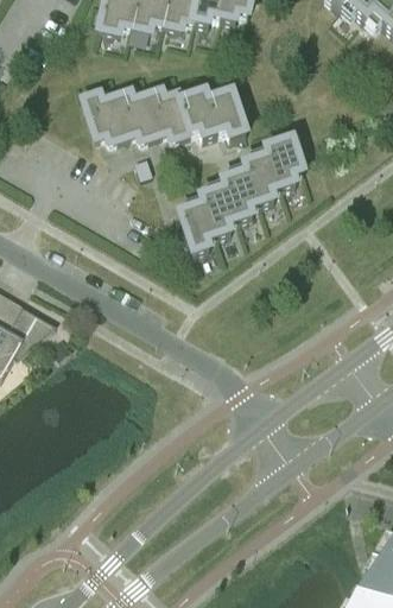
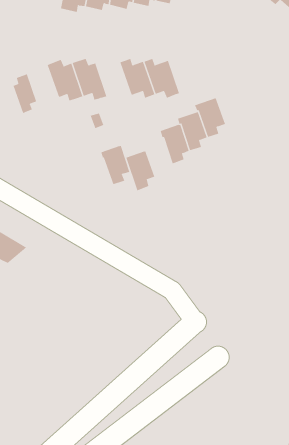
building: [140,87,184,139] -> none
building: none -> [13,74,37,114]
building: [198,186,235,235] -> [100,146,130,185]

